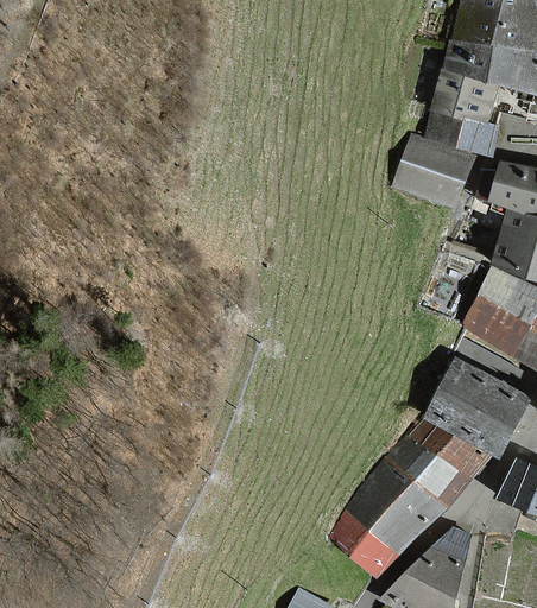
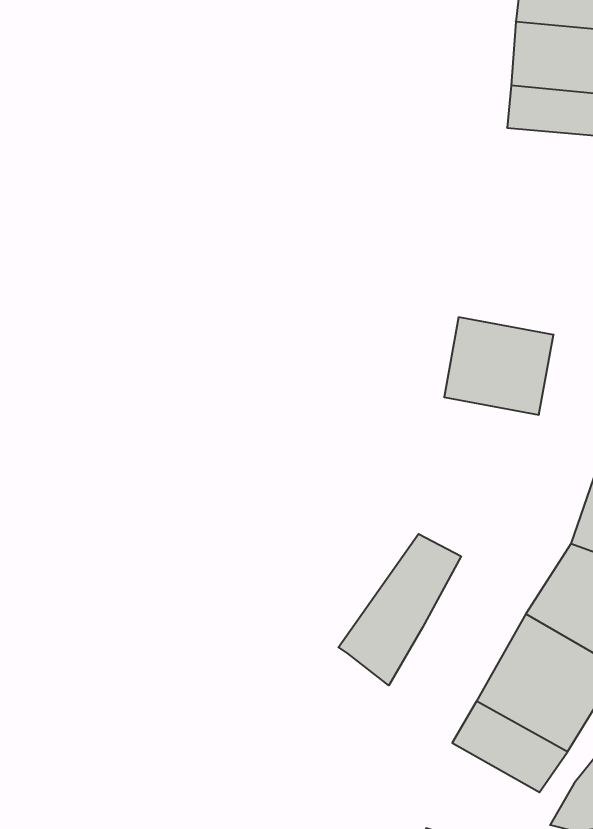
building: [394,134,473,207] -> [444,317,554,415]
building: none -> [338,534,461,685]

